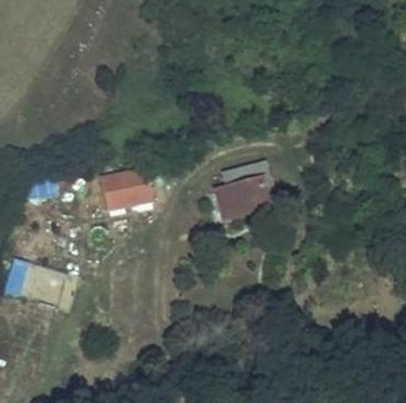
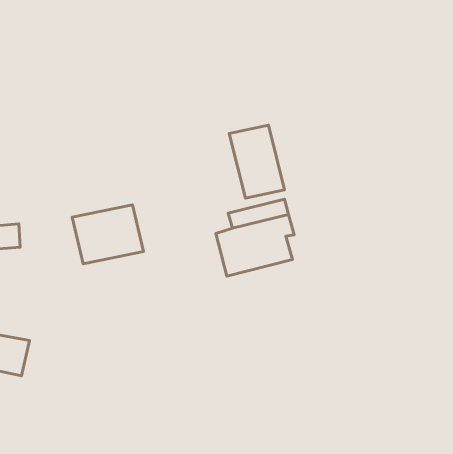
building: none -> [229,125,285,198]

